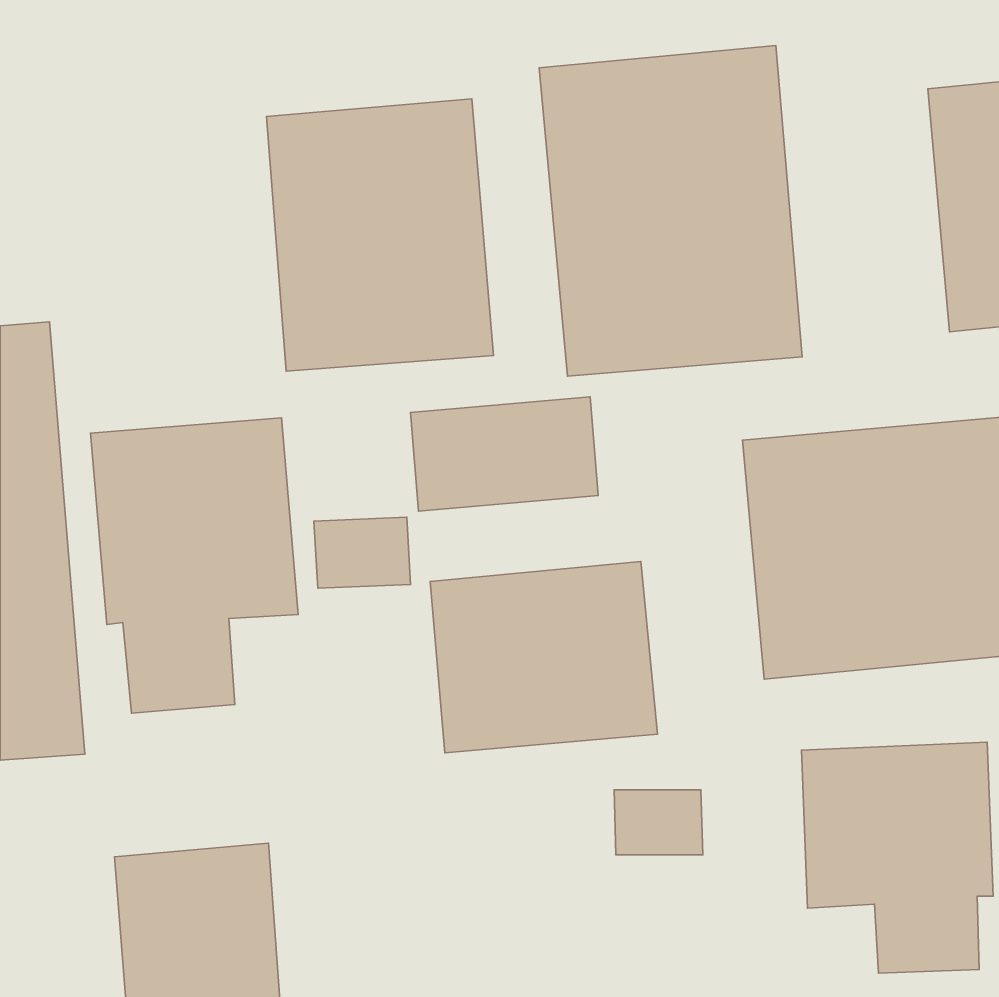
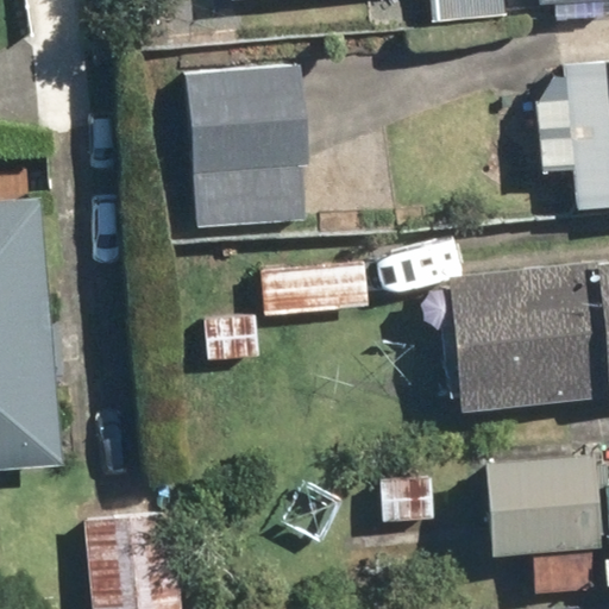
building: [539,46,802,376] -> none
building: [91,418,298,713] -> none
building: [430,562,658,753] -> none

